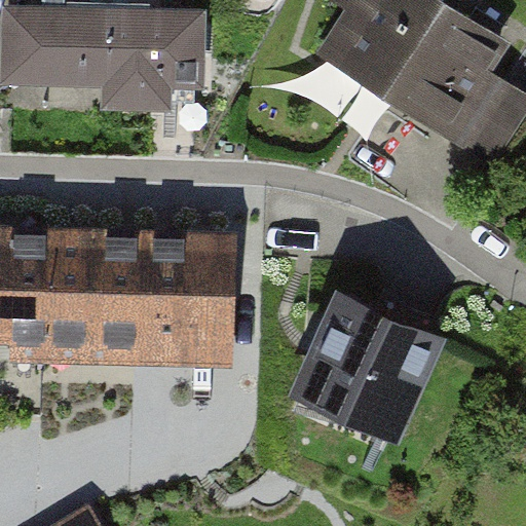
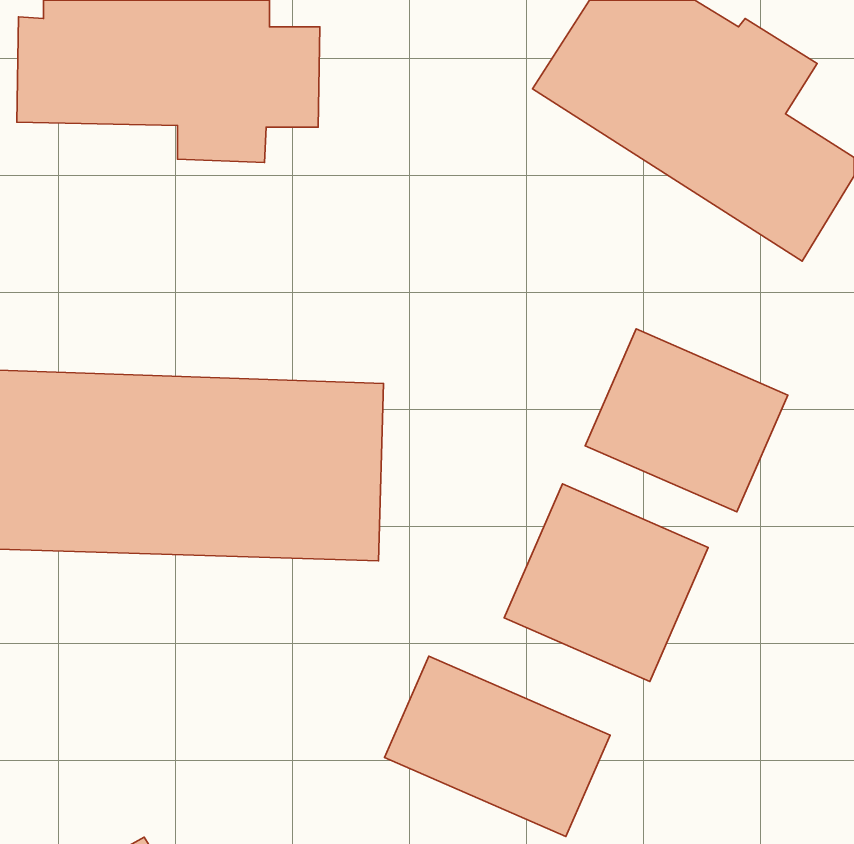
building: none -> [585,329,788,512]
building: none -> [385,656,610,837]

